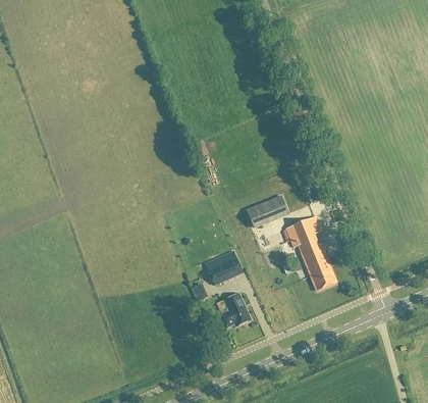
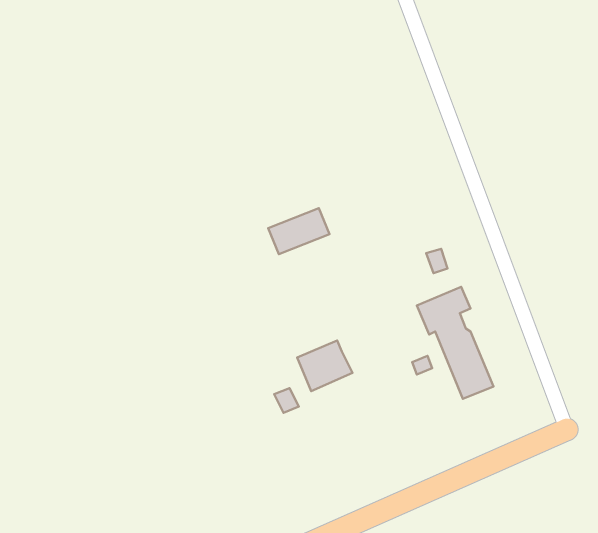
building: [246,195,286,225] -> [268,208,329,254]
building: [220,293,250,326] -> none

